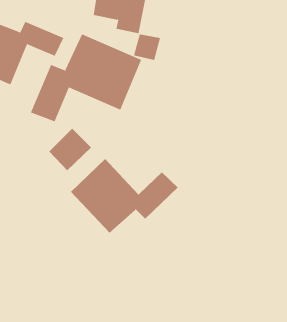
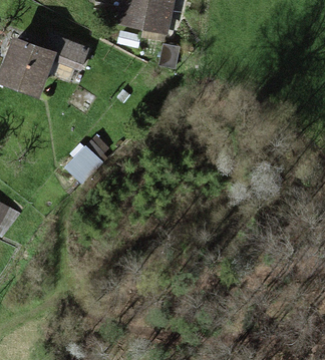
building: [30,33,142,122] -> none
building: [70,158,178,234] -> none

